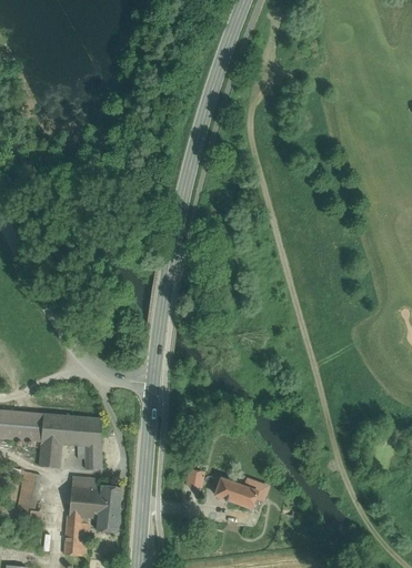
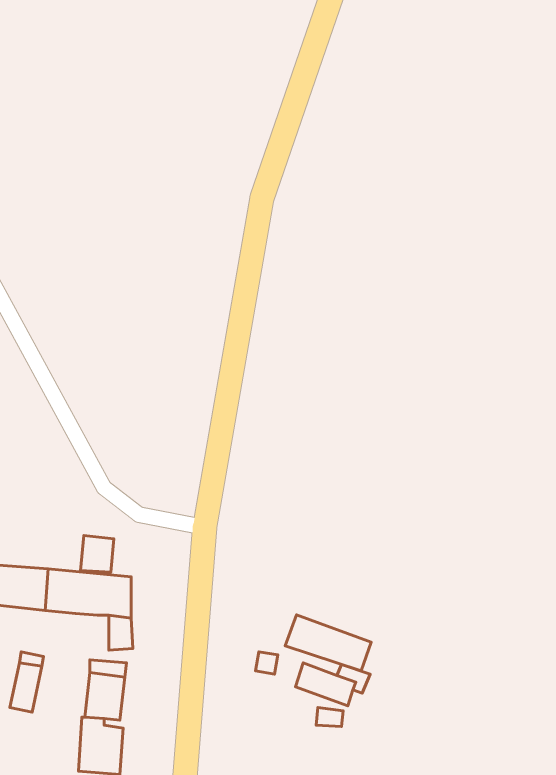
building: [38,442,61,467] -> [81,536,114,572]
building: none -> [285,615,371,671]
building: [96,485,120,531] -> none

